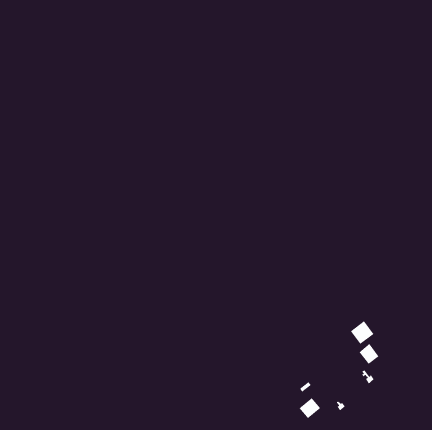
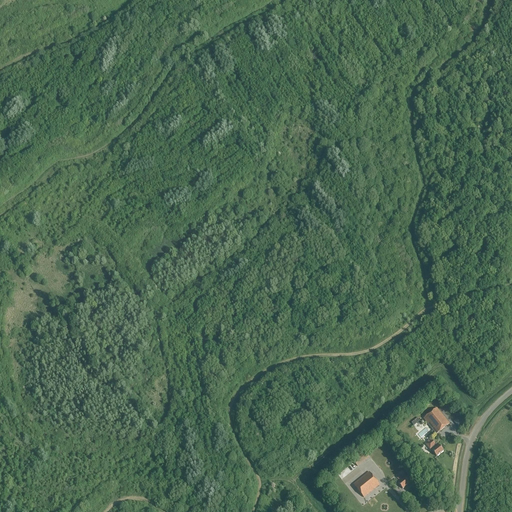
building: [350,320,375,345] -> none

